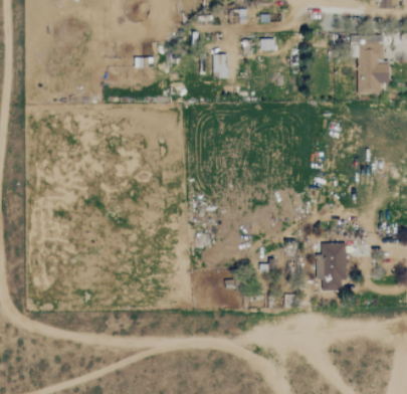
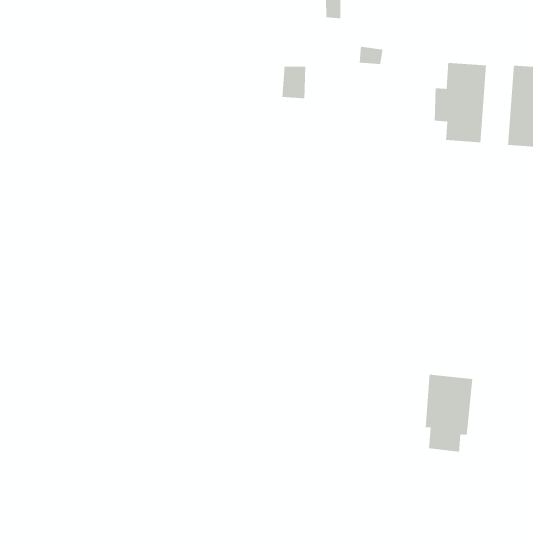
building: none -> [434,62,487,143]

